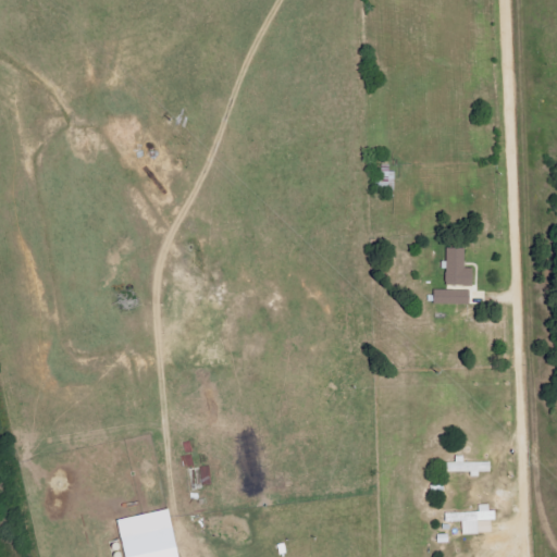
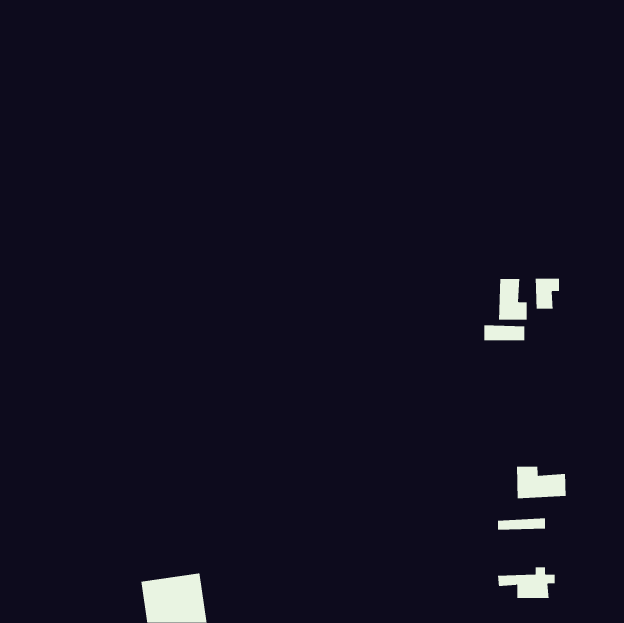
building: none -> [535,278,559,310]
building: none -> [516,466,566,499]

